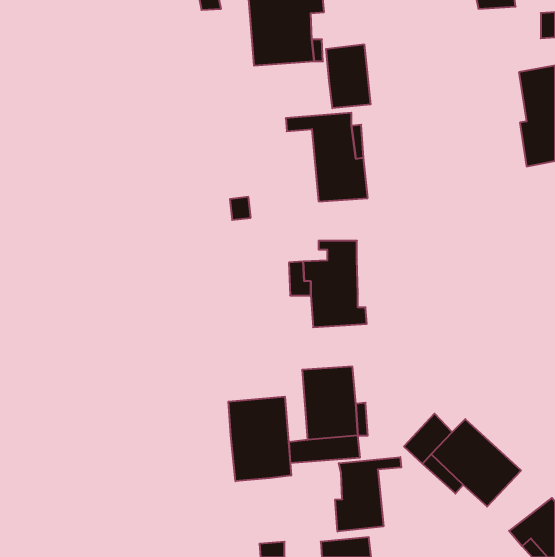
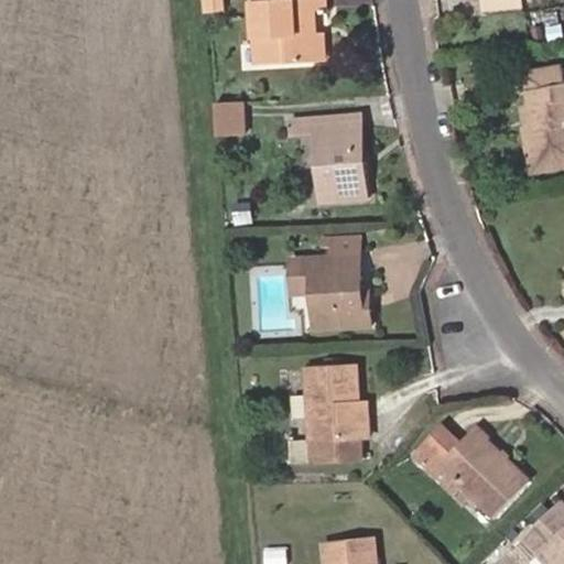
building: [326,44,371,108] -> none
building: none -> [212,102,242,138]
building: [228,397,291,481] -> none
building: [335,457,401,532] -> none

